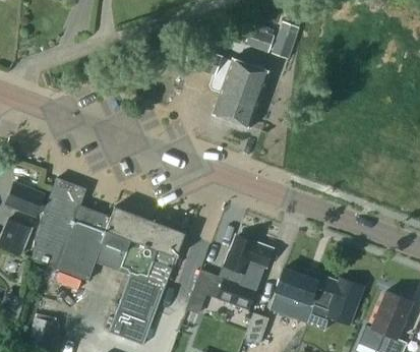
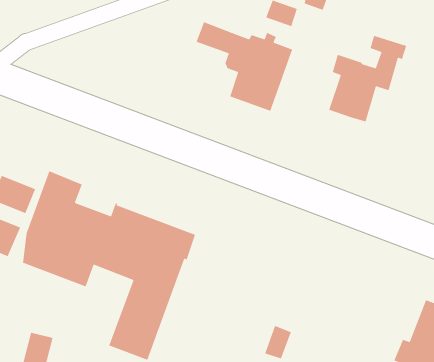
building: none -> [328,35,407,123]
building: [186,235,273,312] -> none
building: [269,268,363,330] -> none

